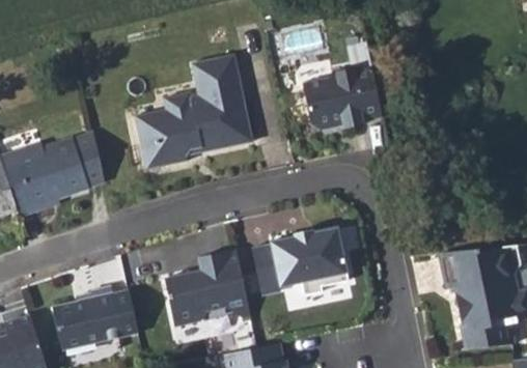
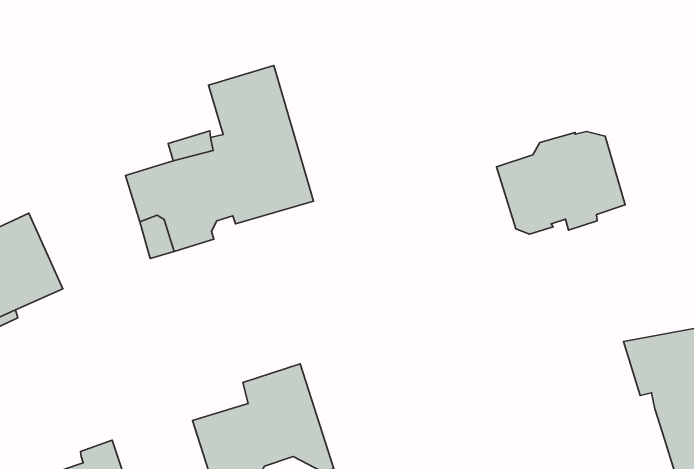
building: [305,69,384,131] -> [496,131,625,234]
building: [251,227,349,295] -> none

